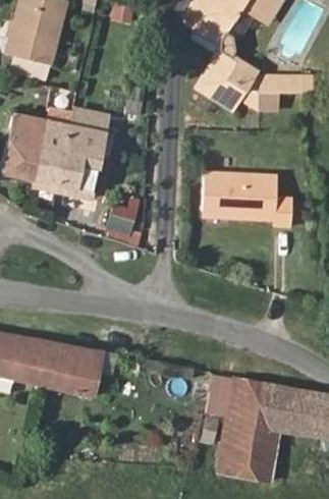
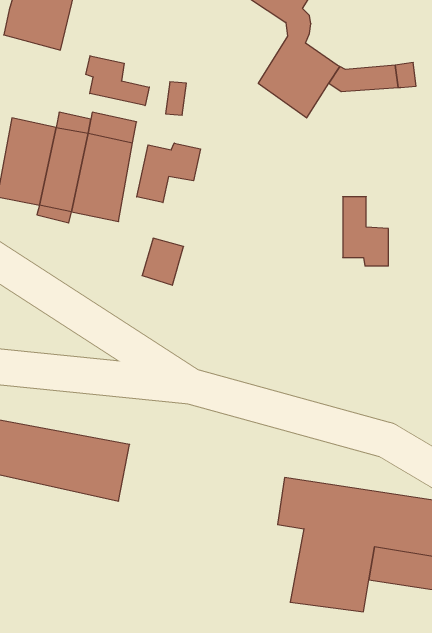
building: none -> [86,56,149,106]
building: none -> [137,143,200,203]
building: [203,171,258,216] -> none

